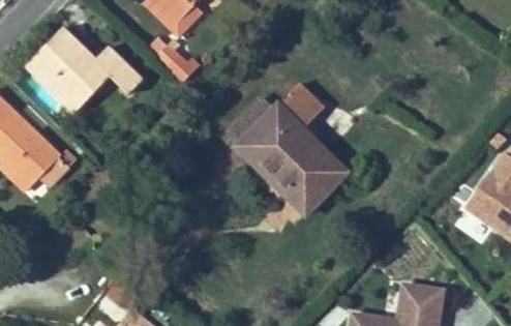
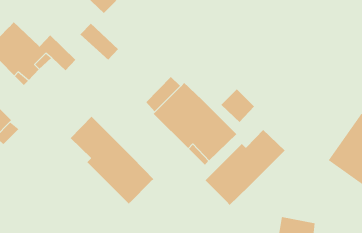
building: [278,86,322,129] -> [221,89,255,123]
building: none -> [70,116,155,204]
building: none -> [205,129,285,206]

